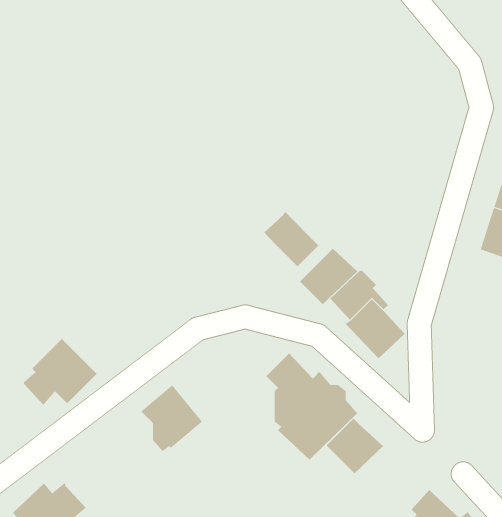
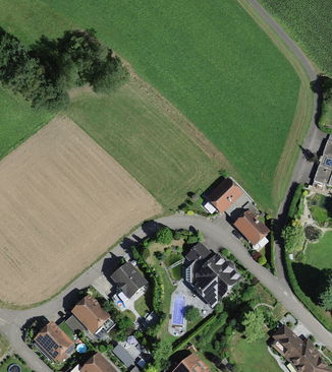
building: [263,211,319,267] -> none
building: [23,338,97,406] -> [65,295,110,335]
building: [326,418,384,474] -> none

